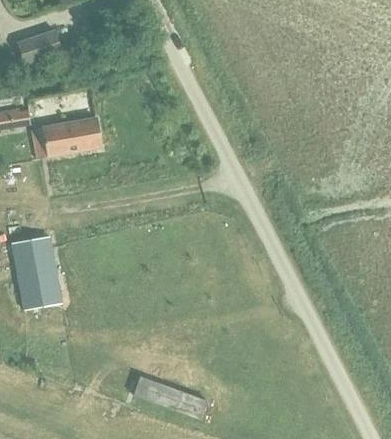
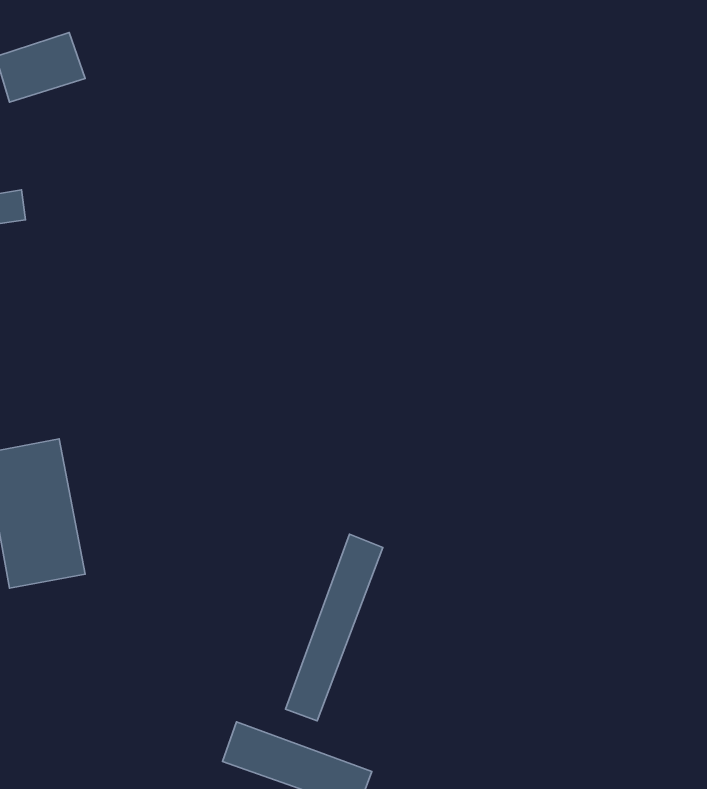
building: [33,117,100,159] -> none
building: none -> [285,534,383,721]

